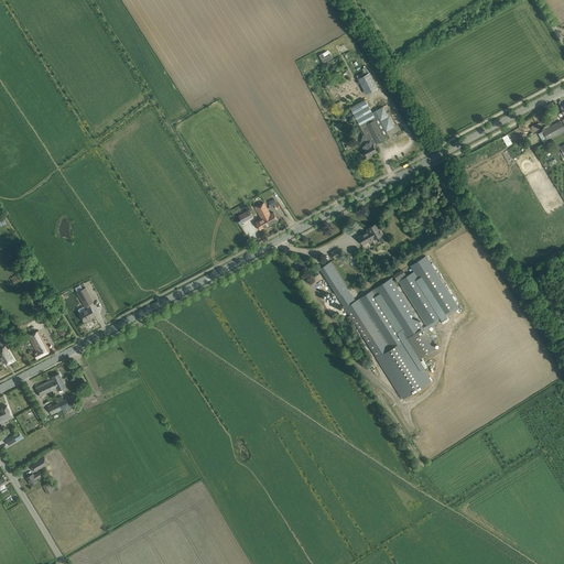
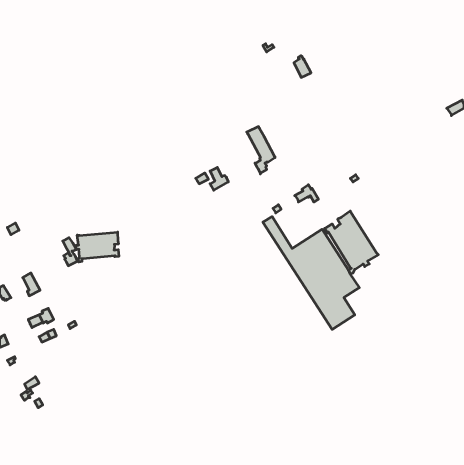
building: [349,100,383,158] -> [247,127,275,174]
building: none -> [76,232,119,262]

